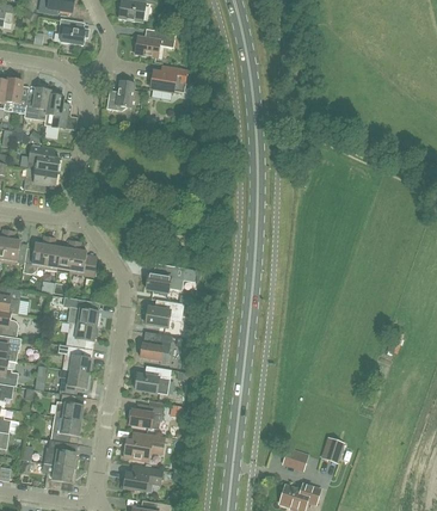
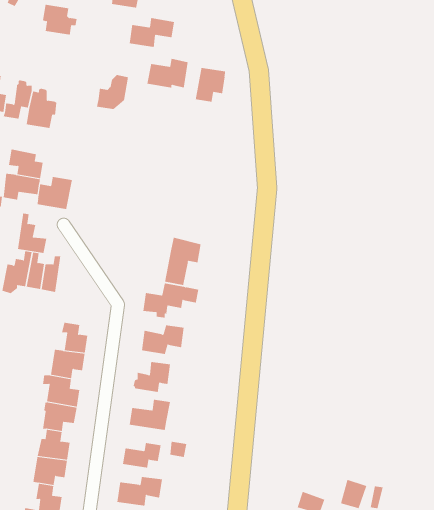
building: none -> [195,67,226,103]
building: none -> [37,176,72,210]
building: none -> [165,237,201,286]
building: [69,239,96,275] -> [17,213,47,253]

